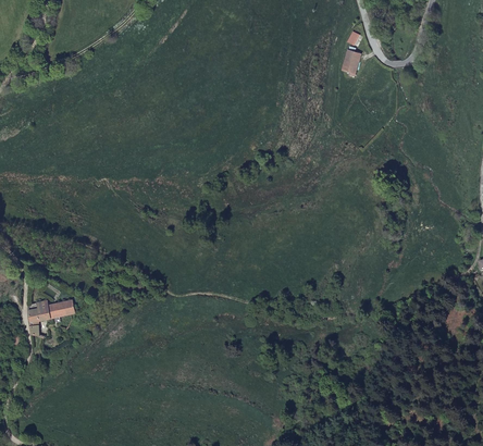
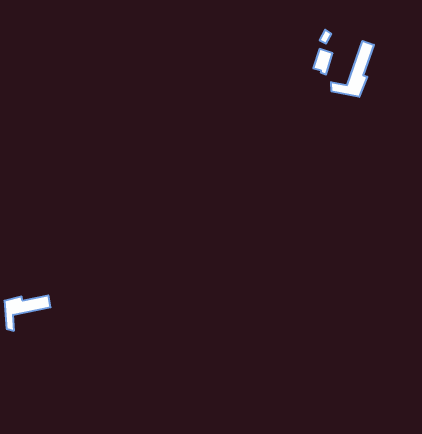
building: none -> [331,41,374,97]

